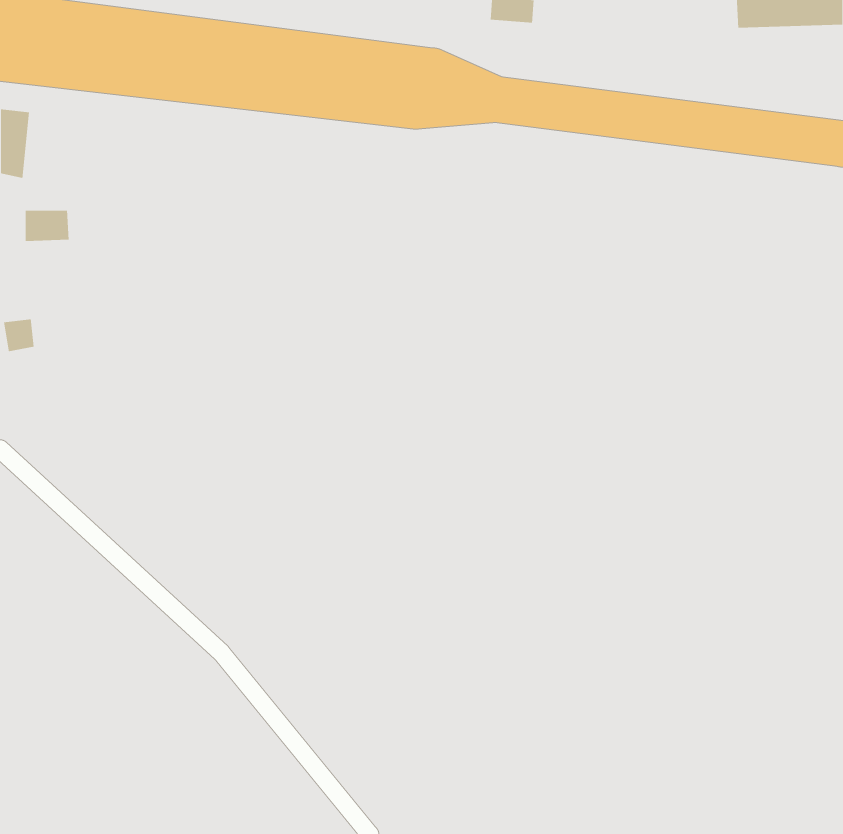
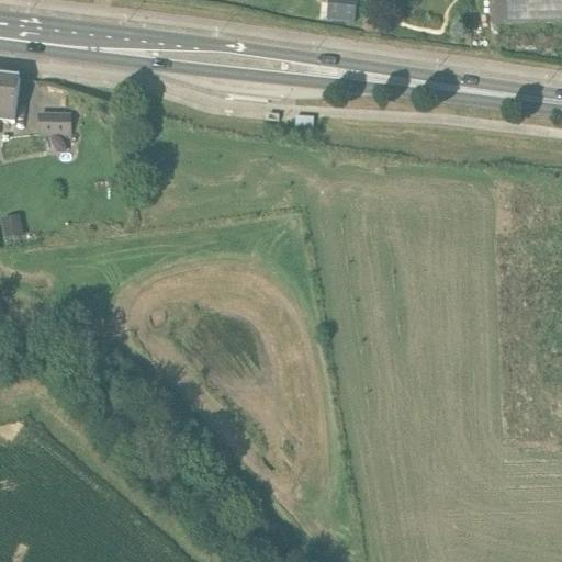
building: [25,210,69,242] -> [40,110,69,131]

